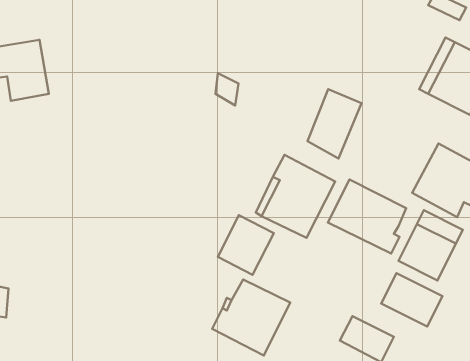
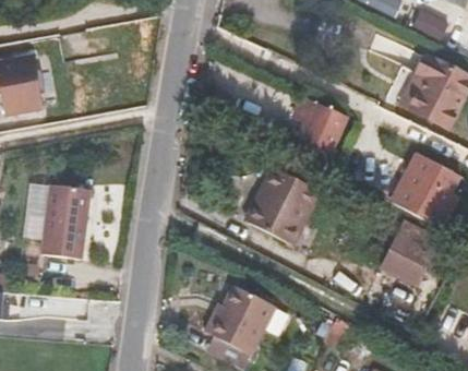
building: none -> [43,183,94,259]
building: [328,179,406,254] -> none
building: [218,215,274,275] -> none
building: [381,273,442,327] -> none

